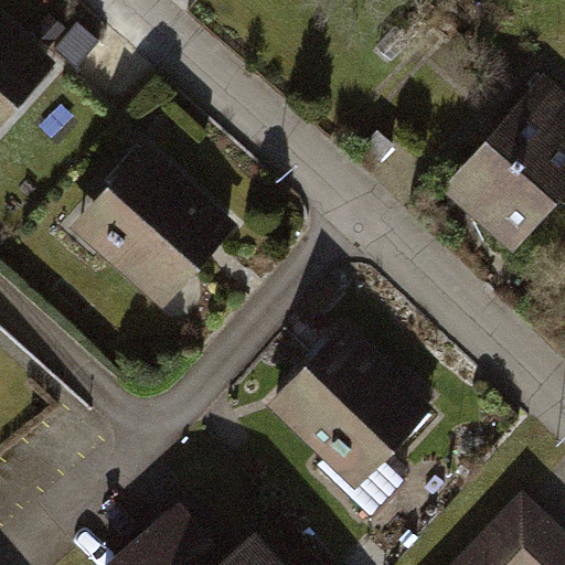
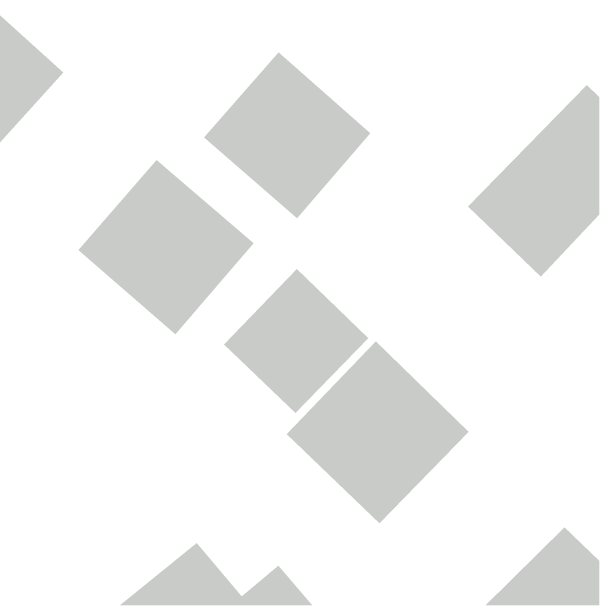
building: none -> [203,51,372,219]
building: none -> [223,268,369,414]

